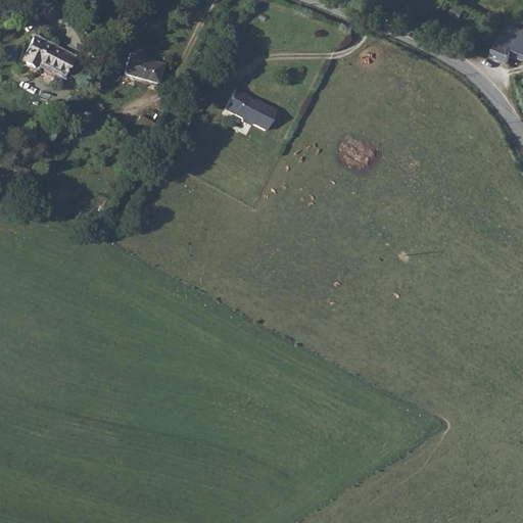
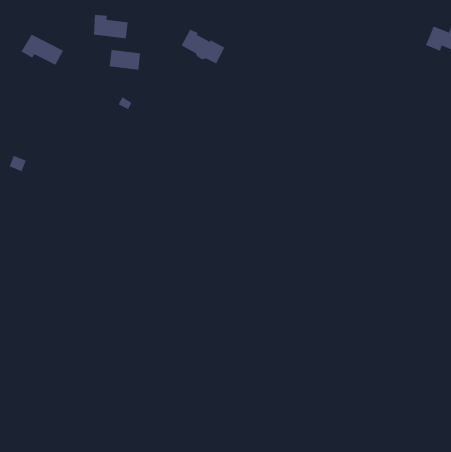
building: none -> [93,14,128,39]
building: [226,89,277,130] -> [181,29,225,64]

